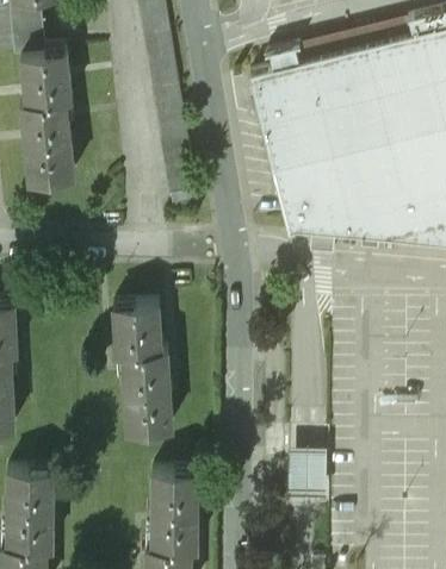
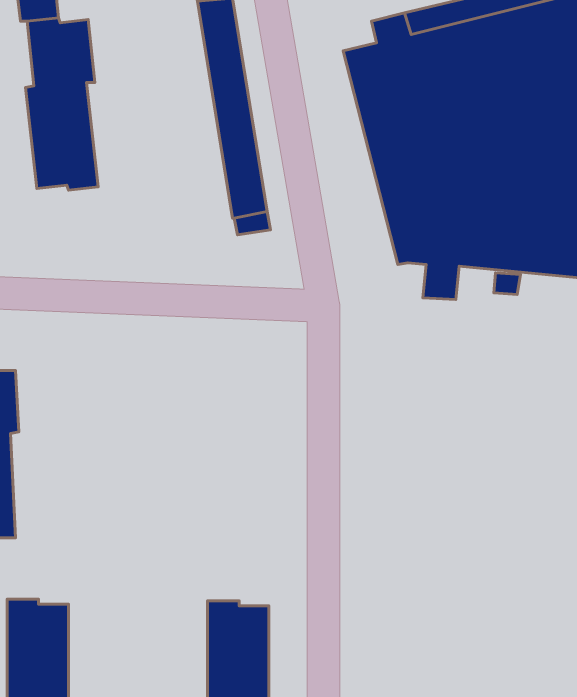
building: [114,307,172,433] -> none
building: [289,451,327,495] -> none

